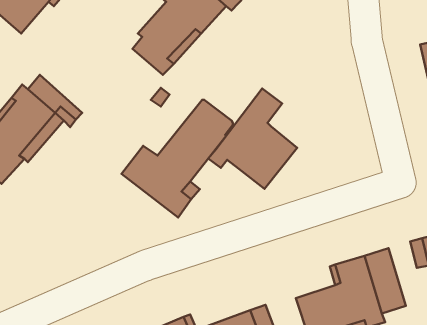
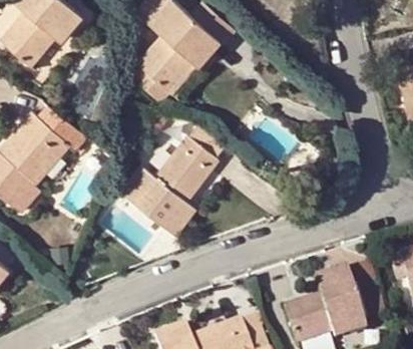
building: [208,89,297,189] -> none

